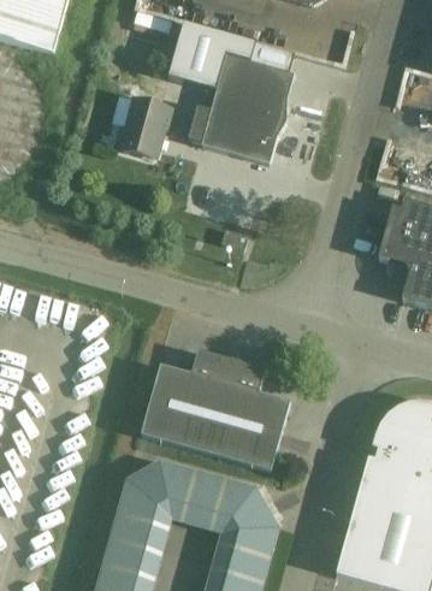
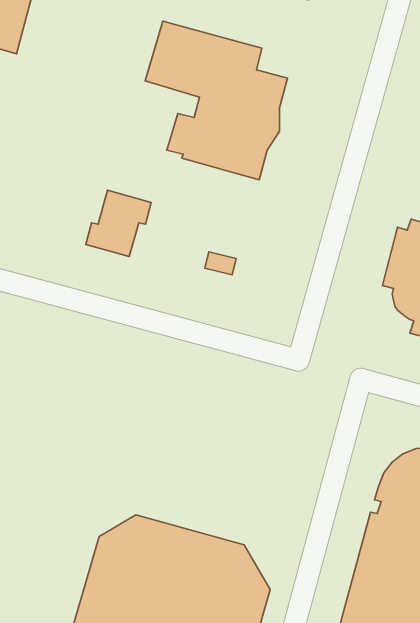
building: [116,95,173,154] -> [86,190,151,257]
building: [140,349,290,469] -> none

